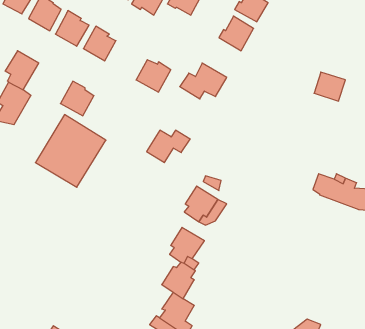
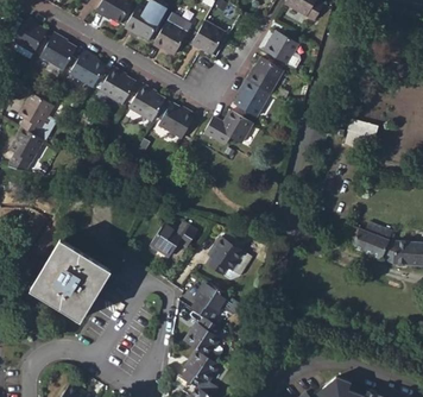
building: none -> [233,80,267,116]
building: [60,81,94,116] -> [127,84,163,121]
building: [35,115,106,187] -> [32,241,107,319]
building: [147,130,190,163] -> [150,223,196,258]

